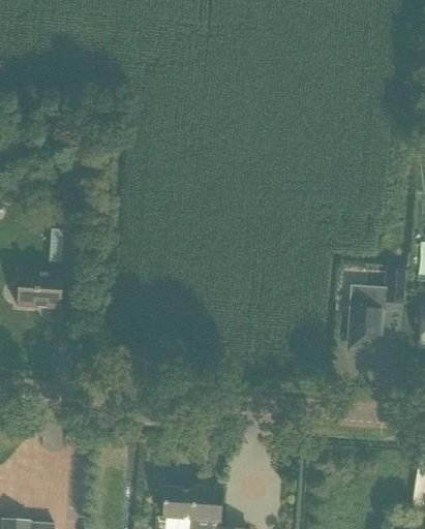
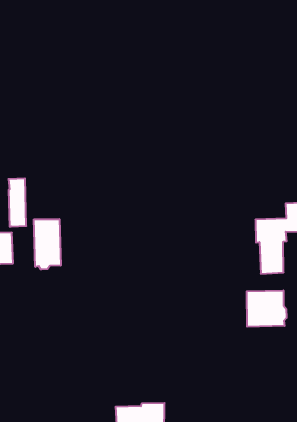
building: none -> [34,219,61,270]
building: none -> [247,290,287,327]

